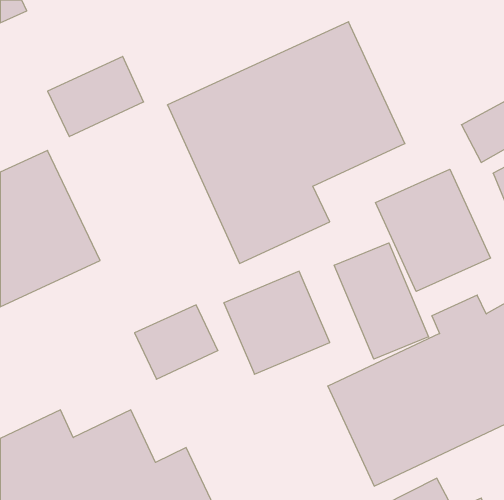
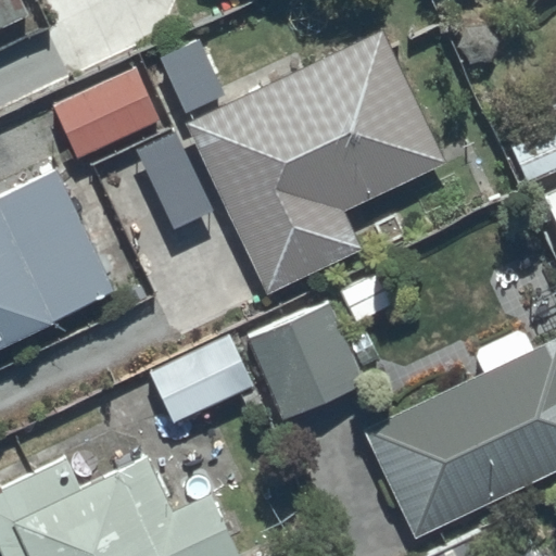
building: [376,169,491,291] -> none
building: [334,243,429,359] -> none

